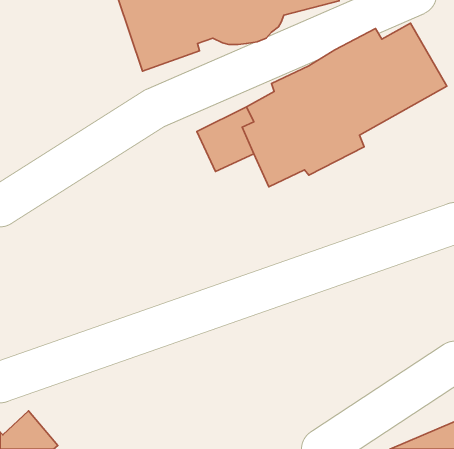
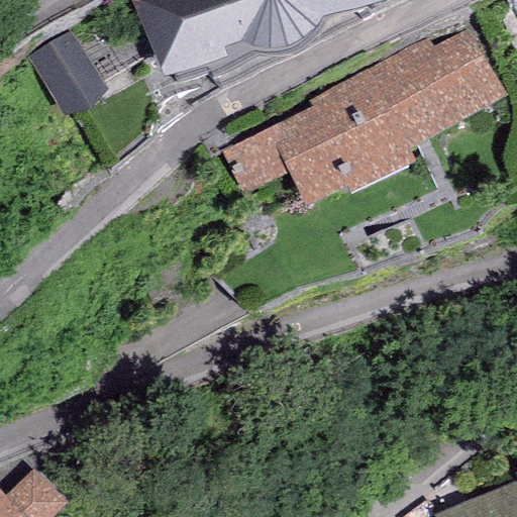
building: none -> [28,26,106,113]

